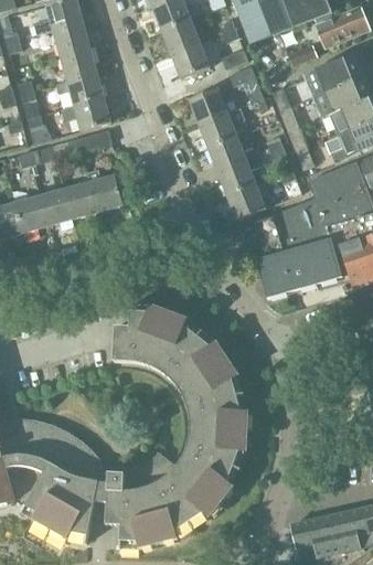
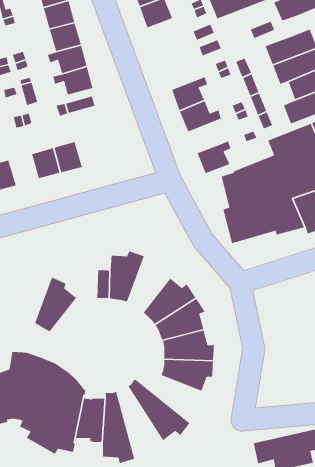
building: [170,42,209,77] -> none
building: [188,87,236,122] -> none
building: [216,156,259,194] -> none
building: [88,174,121,211] -> none
building: [13,195,46,232] -> none
building: [148,311,201,375] -> [34,277,81,333]
building: [157,447,239,501] -> none
building: [136,459,192,542] -> none

